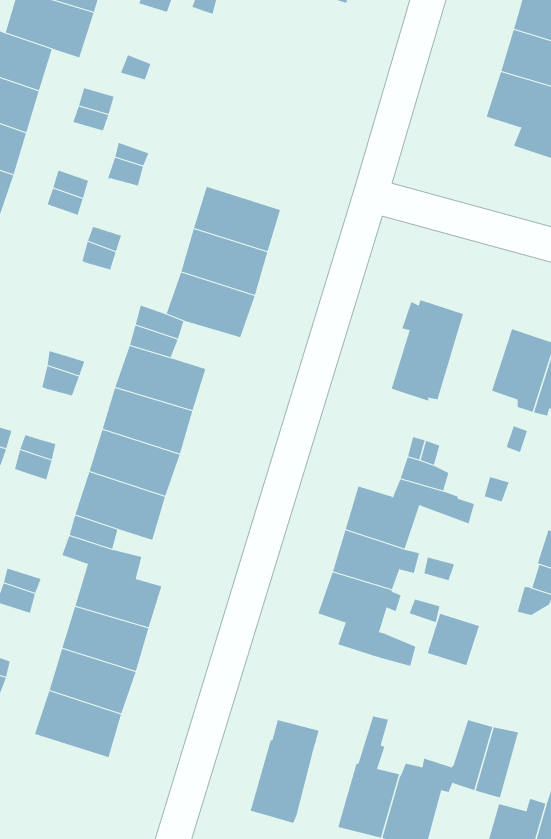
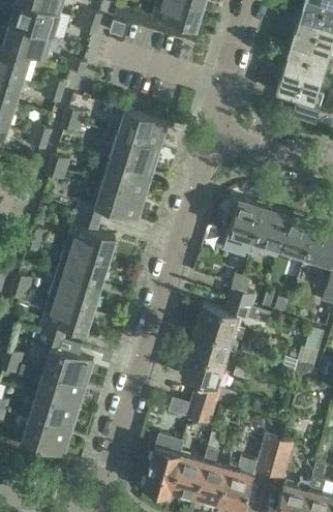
building: none -> [118,110,169,147]
building: none -> [249,206,291,259]
building: [427,613,480,666] -> [185,393,215,423]
building: none -> [170,453,203,496]

